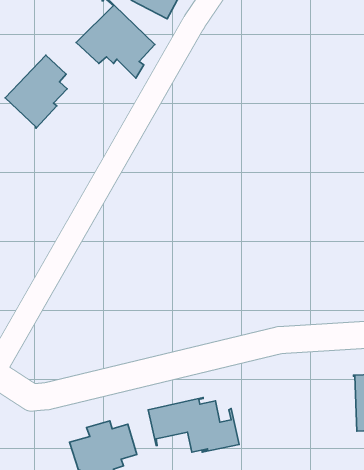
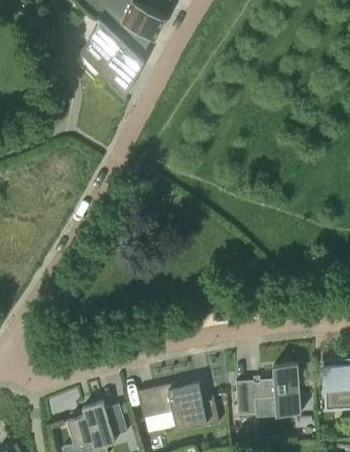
building: [5,55,67,128] -> none
building: none -> [235,363,304,432]

